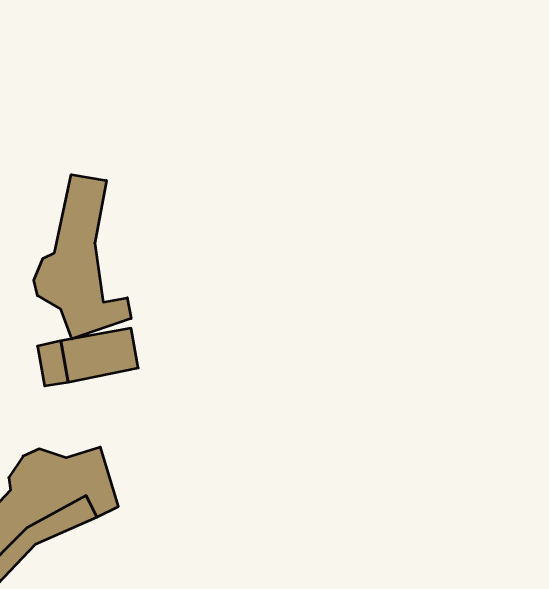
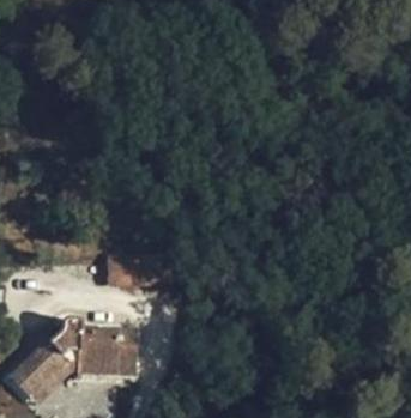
building: [34,175,131,339] -> none

